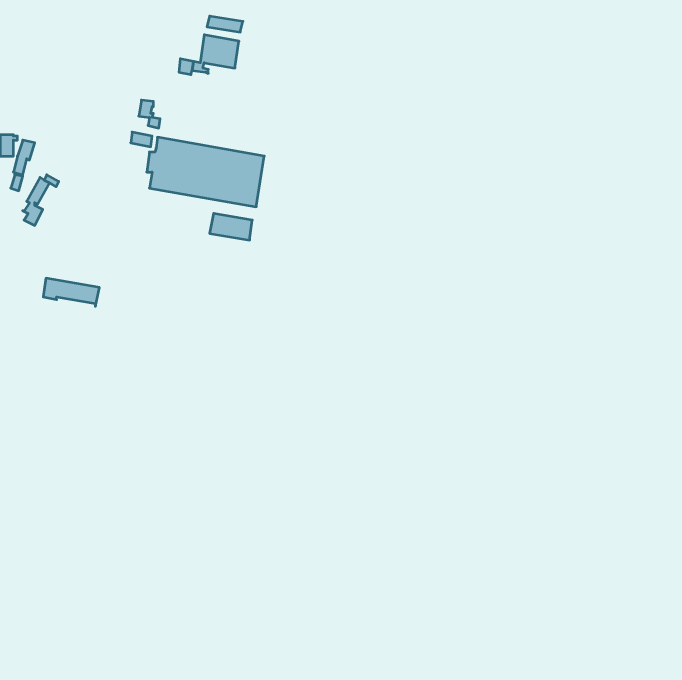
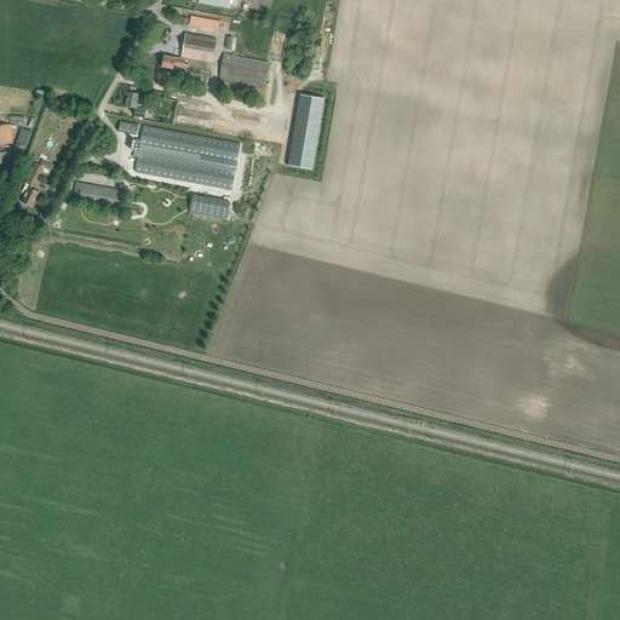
building: none -> [219,53,269,87]
building: none -> [288,92,325,168]
building: [43,278,99,306] -> [74,182,125,207]

